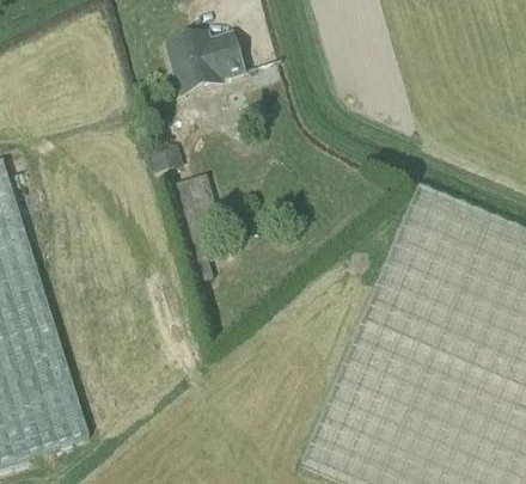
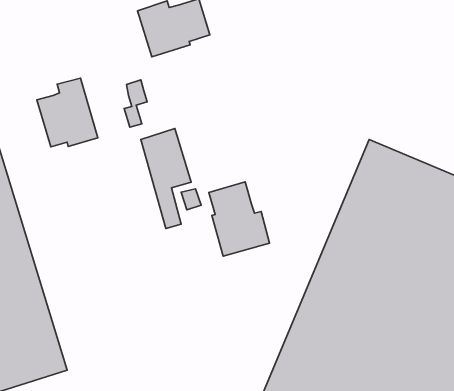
building: none -> [37,78,98,147]
building: none -> [209,182,269,256]

